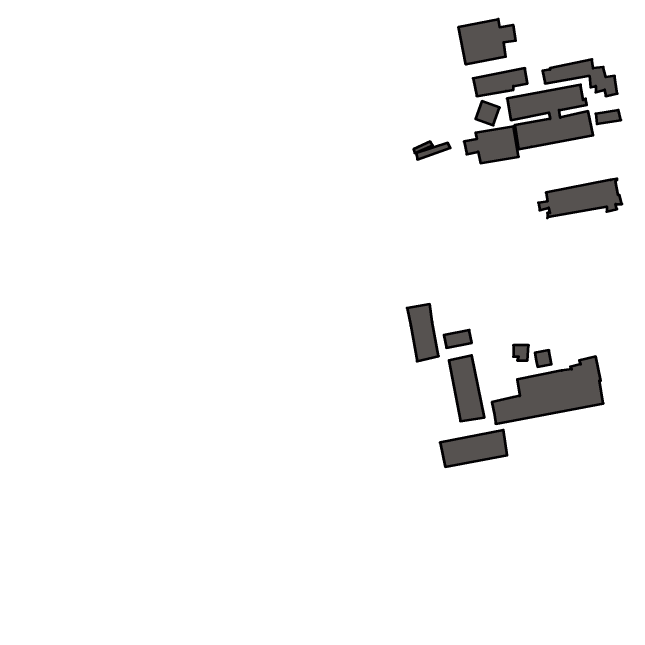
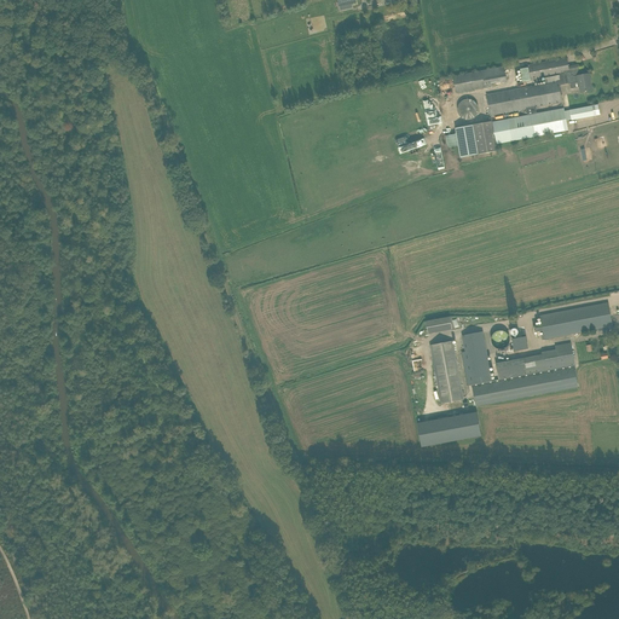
building: [459,19,516,64] -> none
building: [538,179,622,218] -> [532,301,612,339]
building: [407,304,439,361] -> [461,330,491,384]

